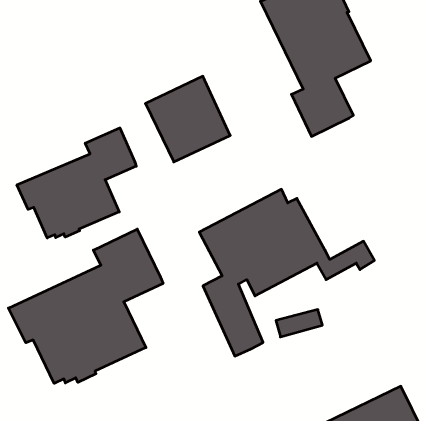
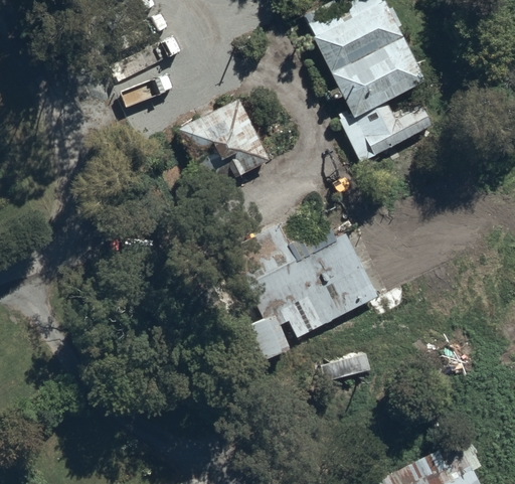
building: [17,128,136,238] -> none
building: [8,229,163,383] -> none

